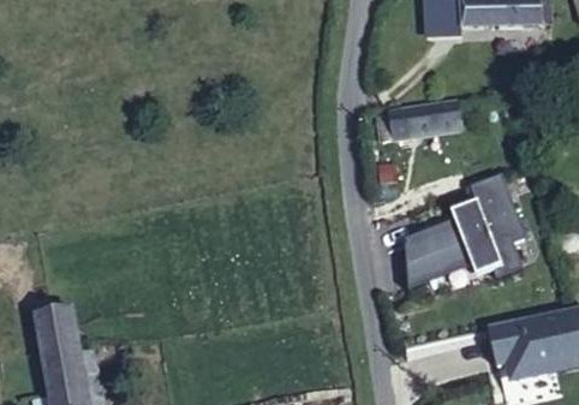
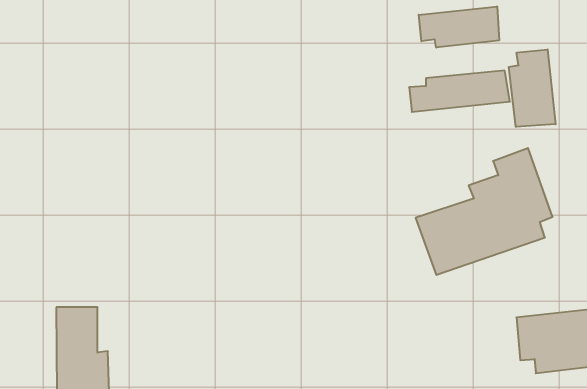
building: none -> [419,6,499,48]
building: none -> [509,49,556,127]

